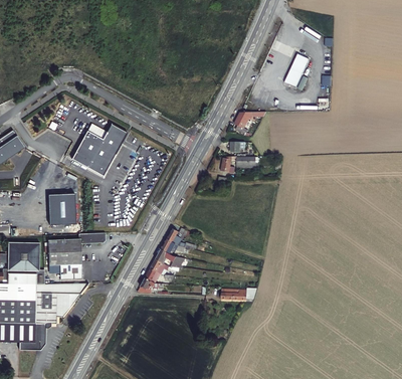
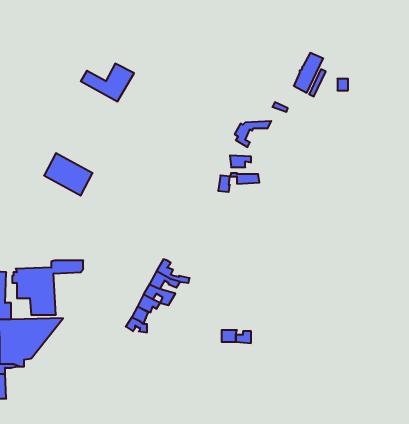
building: [82,125,128,157] -> [81,64,134,101]
building: [48,192,75,223] -> none

